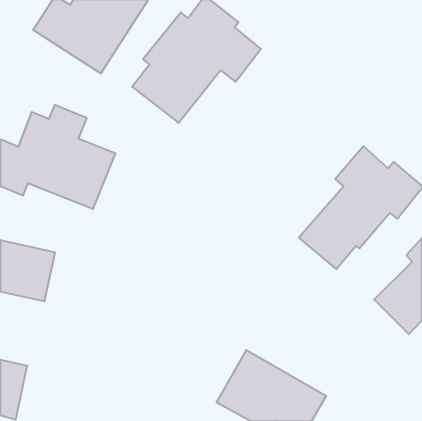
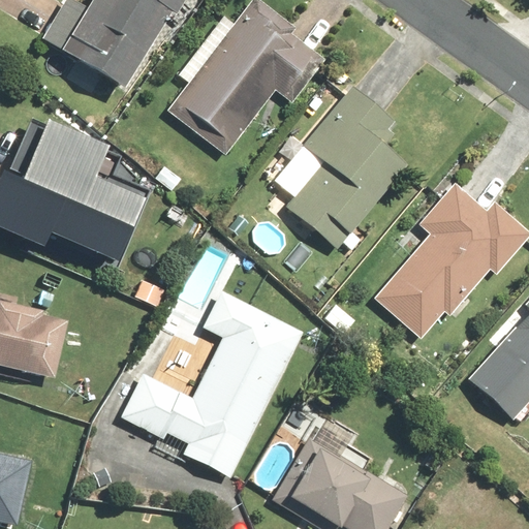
building: none -> [286,86,411,250]
building: none -> [119,289,306,478]

